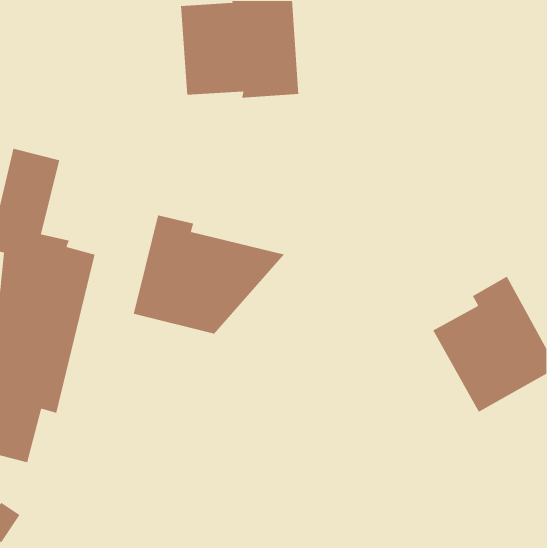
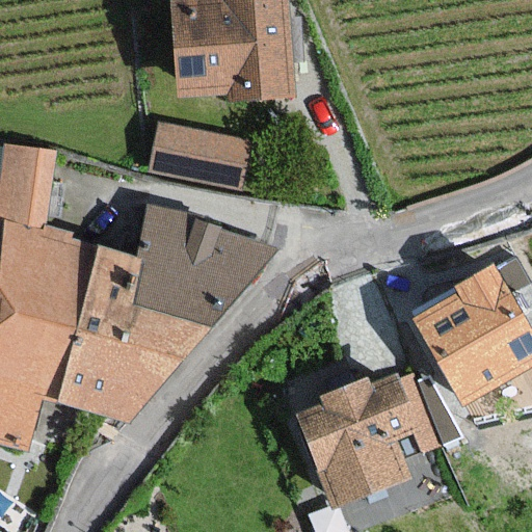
building: none -> [152,125,247,187]
building: none -> [55,246,208,418]
building: none -> [304,377,435,500]

